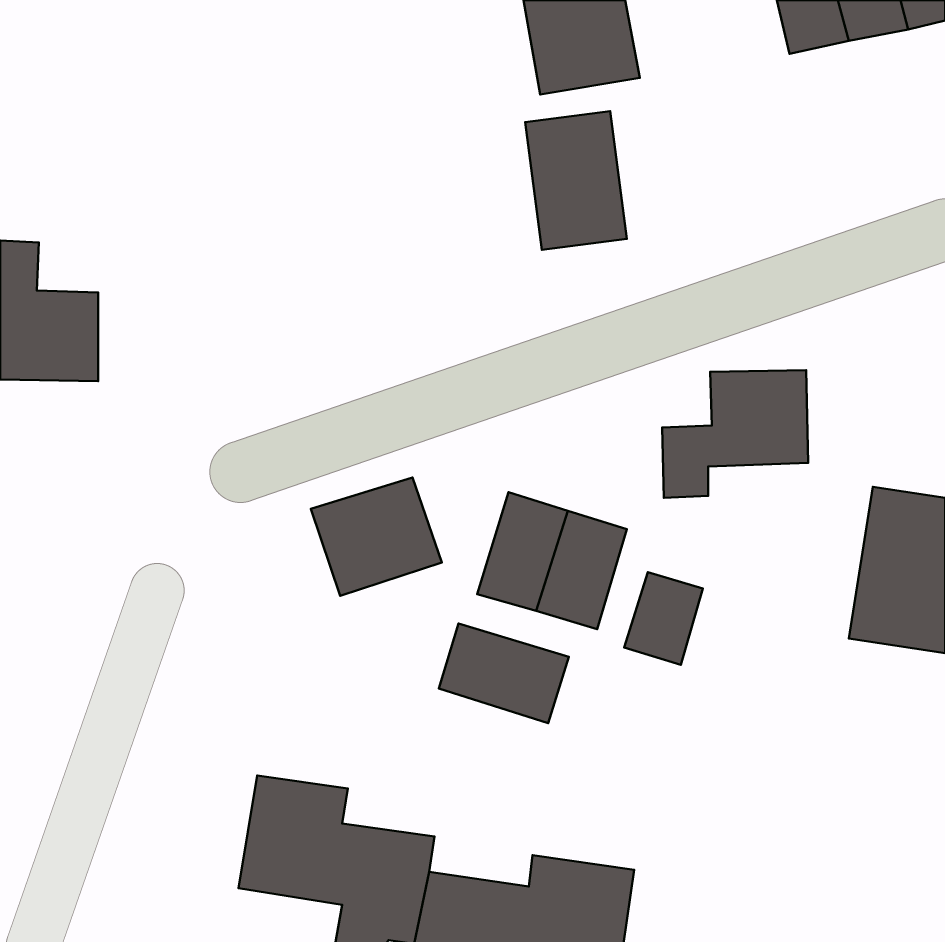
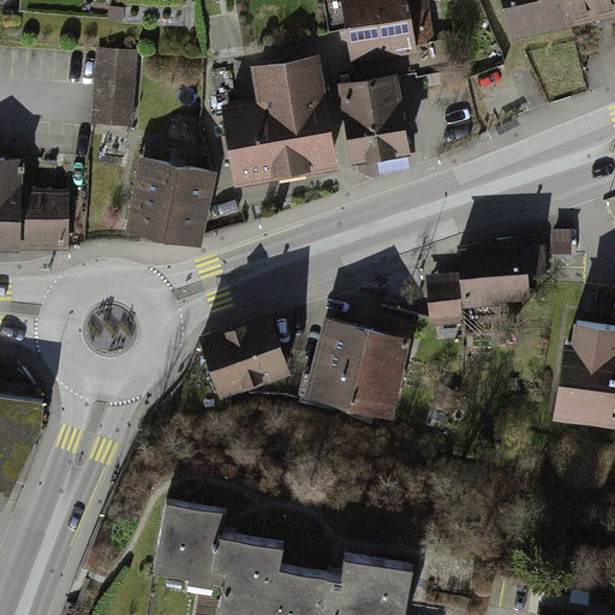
building: none -> [94,52,141,124]
building: none -> [228,54,336,181]
building: none -> [127,156,215,243]
building: [624,572,703,665] -> none
building: [439,623,569,723] -> none

